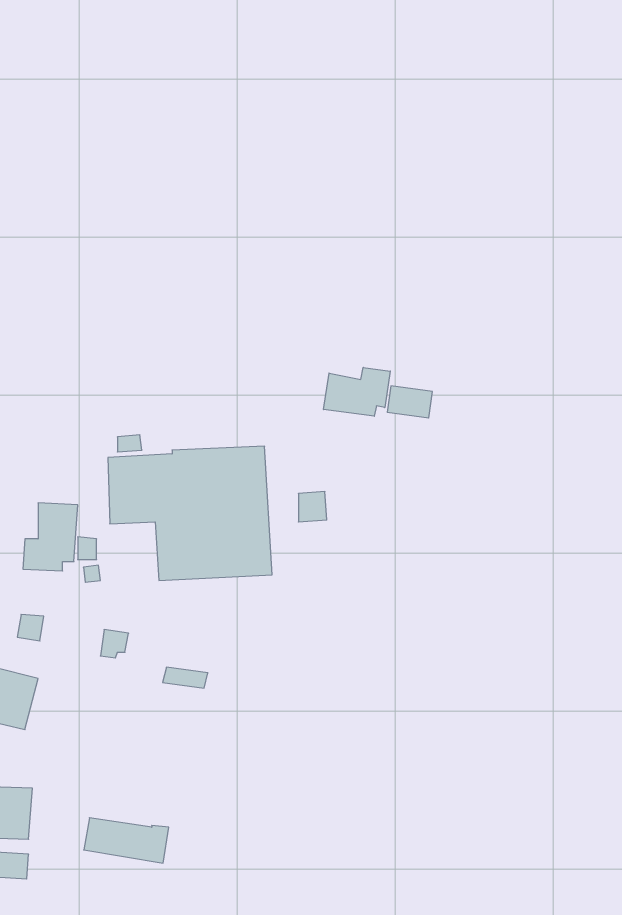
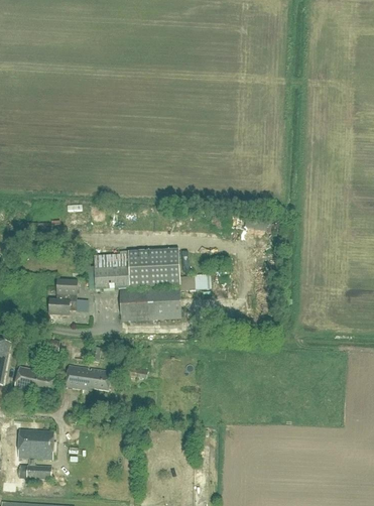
building: [324,367,390,416] -> none
building: [84,818,169,863] -> [66,365,111,389]

